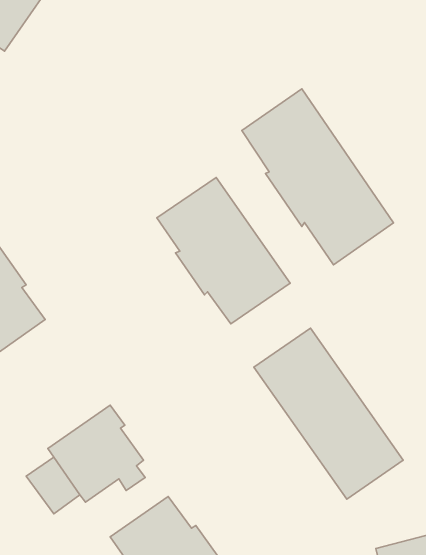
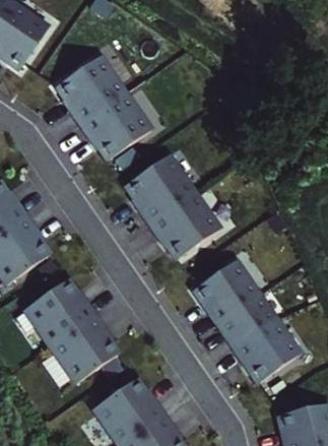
building: none -> [57,57,150,160]
building: [242,89,393,265] -> none
building: none -> [21,273,93,345]

